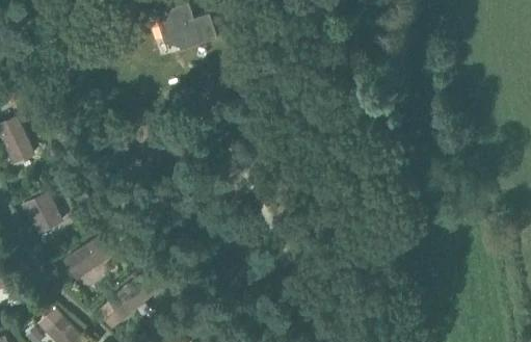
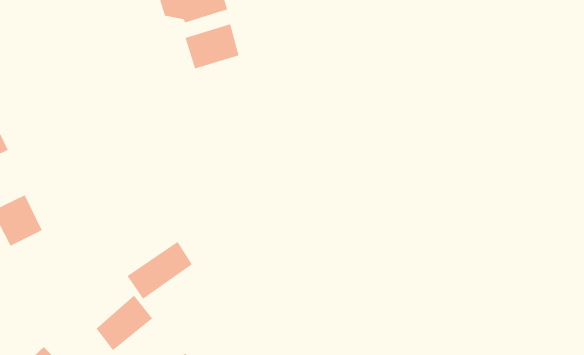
building: none -> [185,23,239,69]
building: [63,233,118,282] -> [126,241,193,300]

